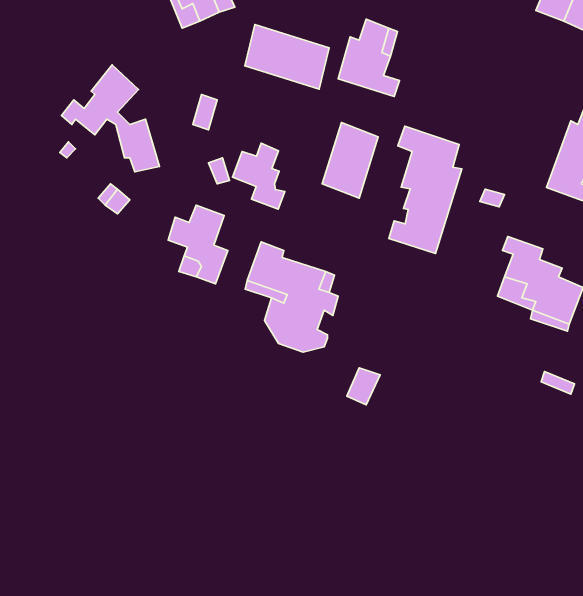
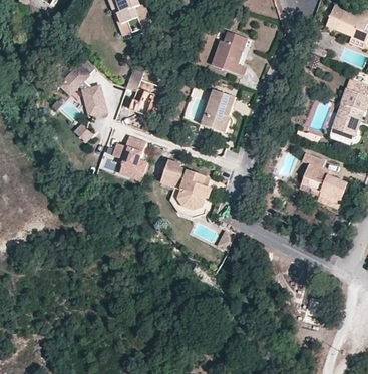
building: [245,24,329,89] -> none
building: [389,126,462,253] -> none
building: [233,143,285,209] -> none

